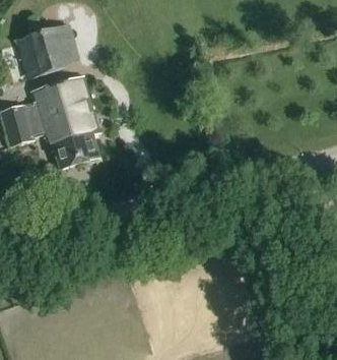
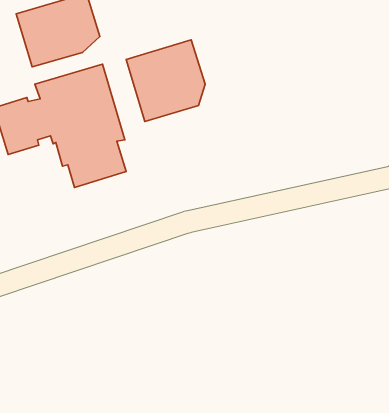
building: none -> [126,40,205,122]

